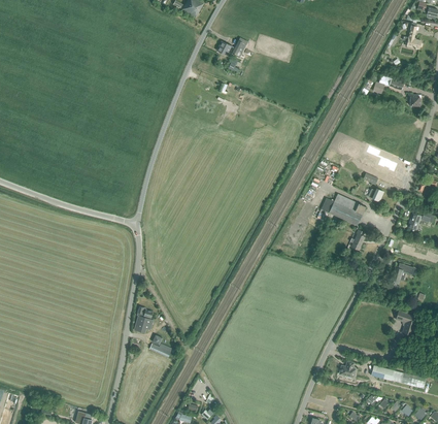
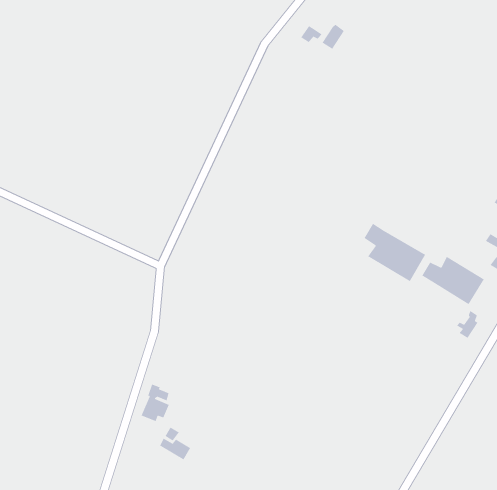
building: none -> [363,222,426,282]

